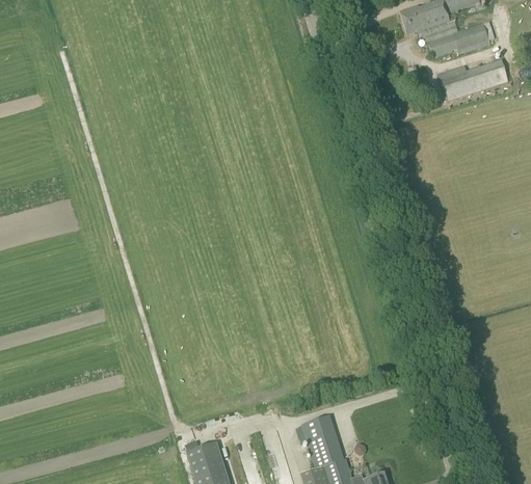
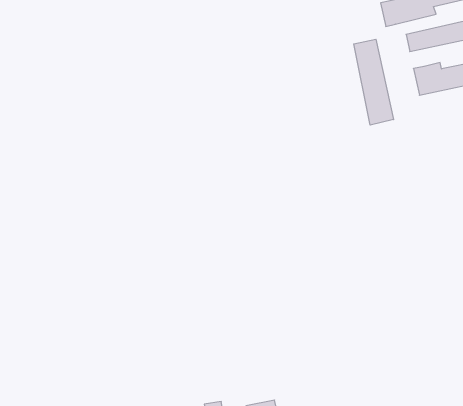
building: none -> [354,39,394,125]

